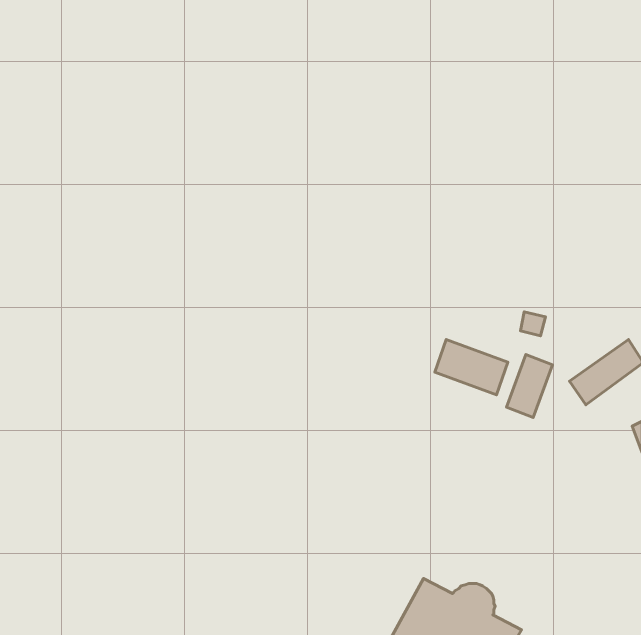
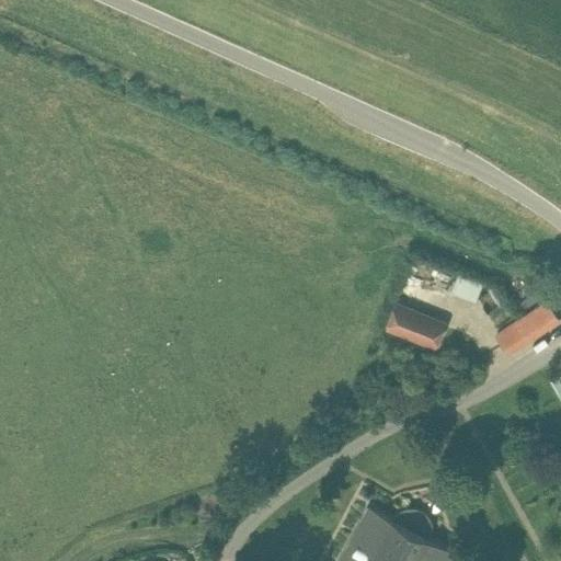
building: [506,354,552,418] -> none

